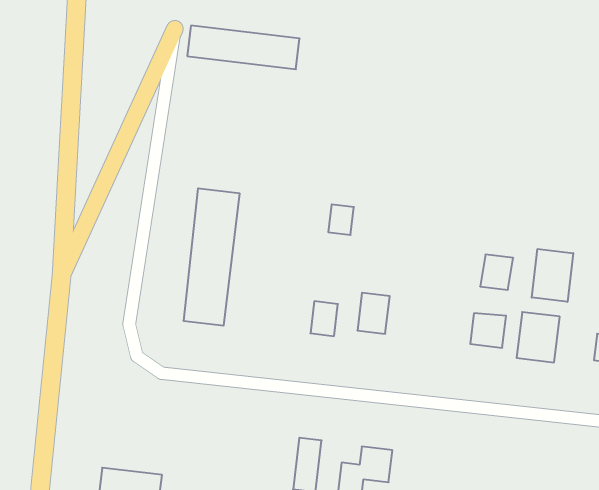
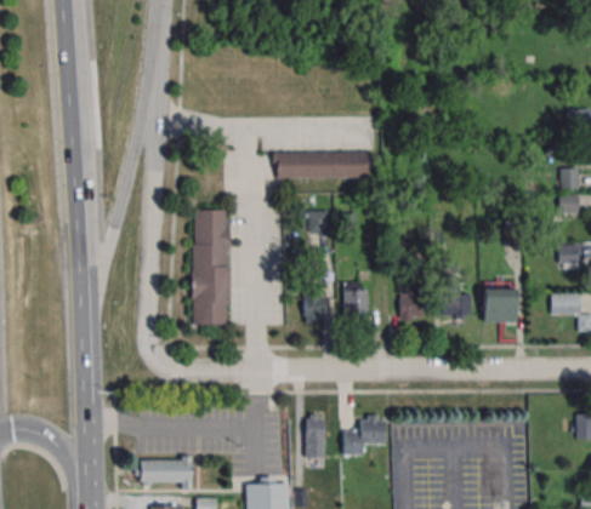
building: [187,26,300,69] -> [274,153,369,179]
building: [532,249,573,302] -> none
building: [480,255,513,290] -> [399,292,425,320]

